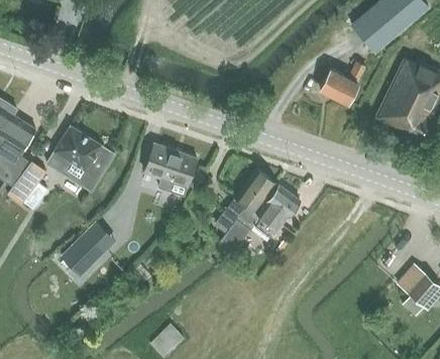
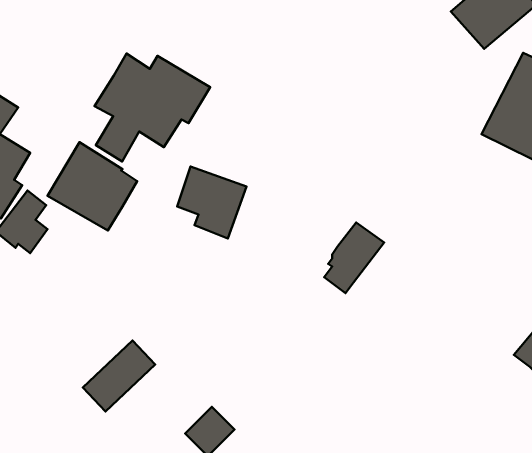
building: none -> [94,54,210,162]
building: [319,61,366,103] -> none
building: [214,168,276,250] -> none
building: [60,224,114,277] -> [83,341,155,411]

